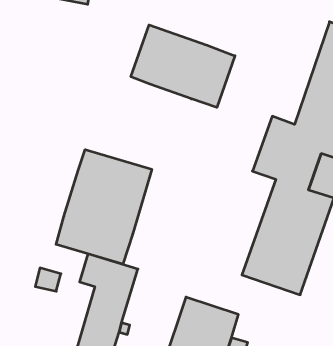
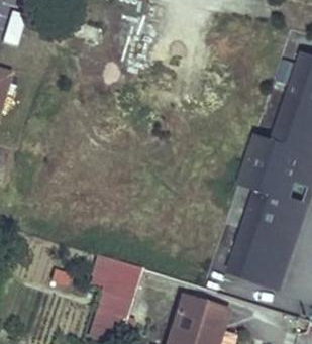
building: [131,25,235,107] -> none
building: [56,150,152,264] -> none

